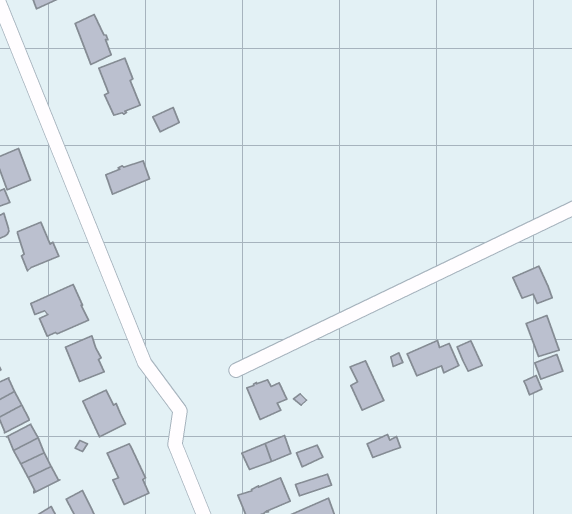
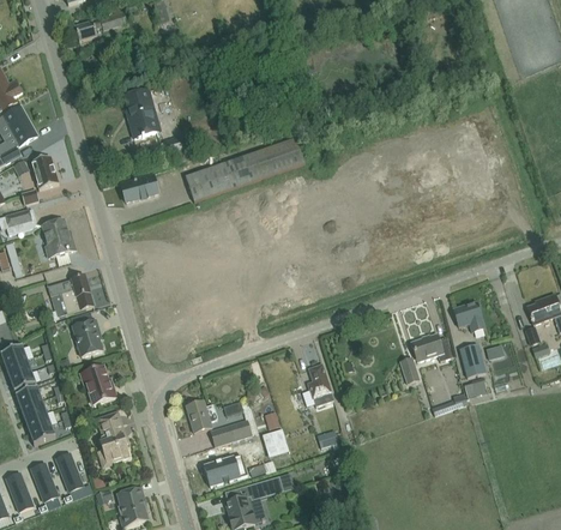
building: [75,15,111,65] -> none
building: none -> [185,137,303,200]
building: [407,340,459,376] -> [410,332,452,360]
building: [247,380,287,419] -> [185,399,217,432]

